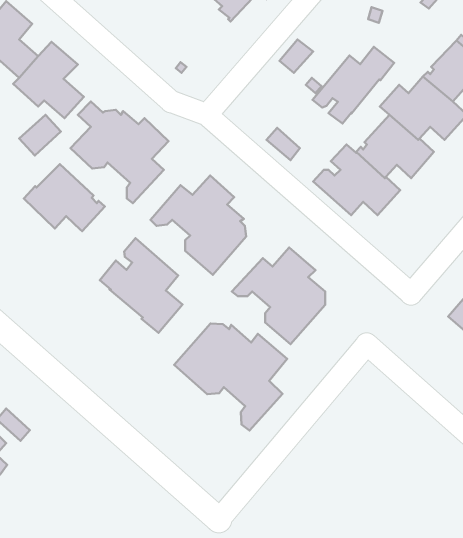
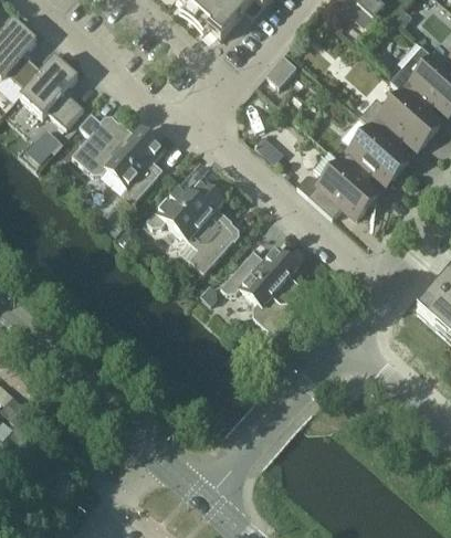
building: [313,47,394,124] -> none
building: [24,164,105,231] -> none
building: [100,238,182,333] -> none
building: [174,324,287,431] -> none

